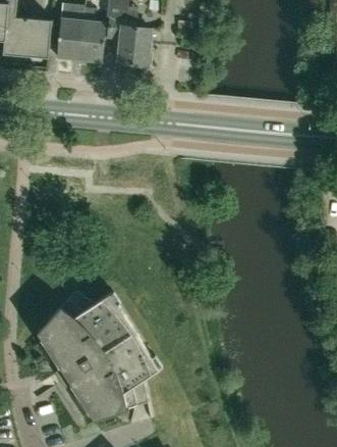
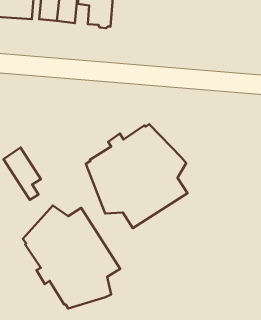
building: none -> [86,124,187,228]
building: none -> [4,147,41,200]

